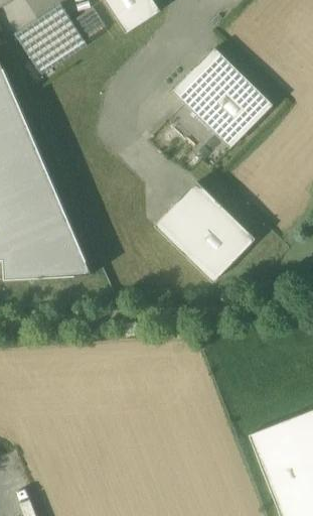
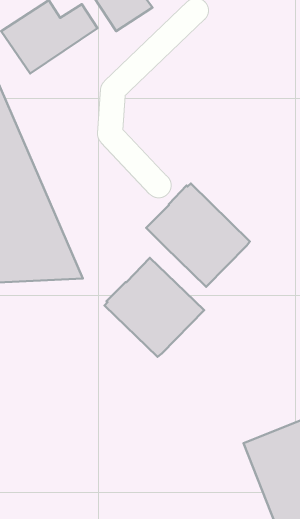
building: [172,48,273,149] -> none
building: none -> [104,258,204,357]

